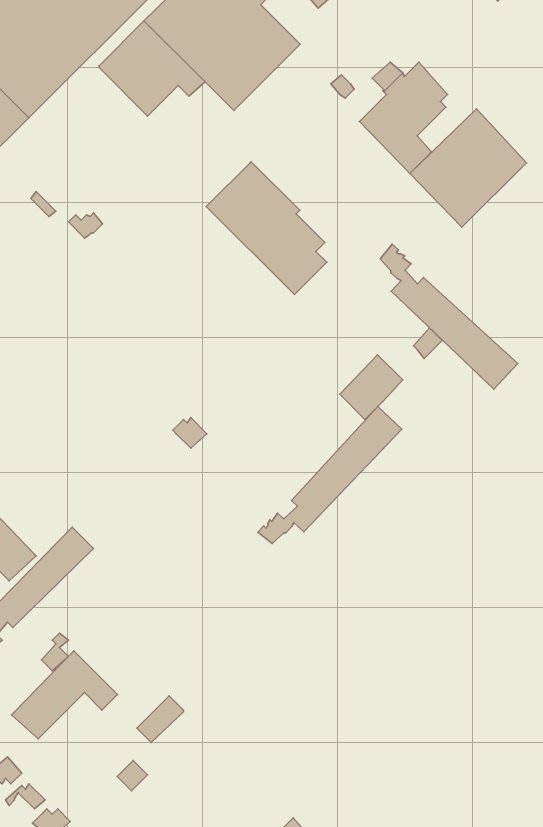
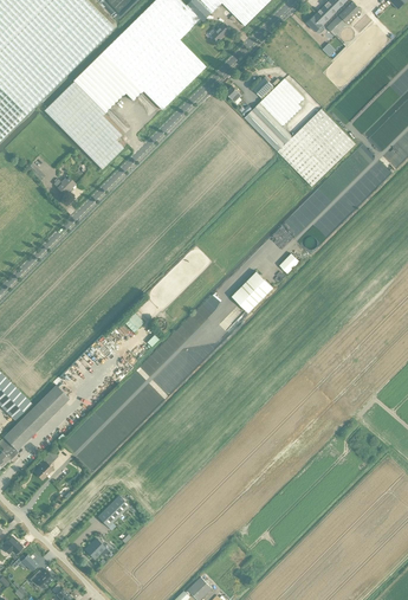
building: [206,162,327,295] -> [44,80,123,168]
building: [380,244,518,389] -> none
building: [258,407,402,543] -> none
building: [12,651,117,739] -> none

